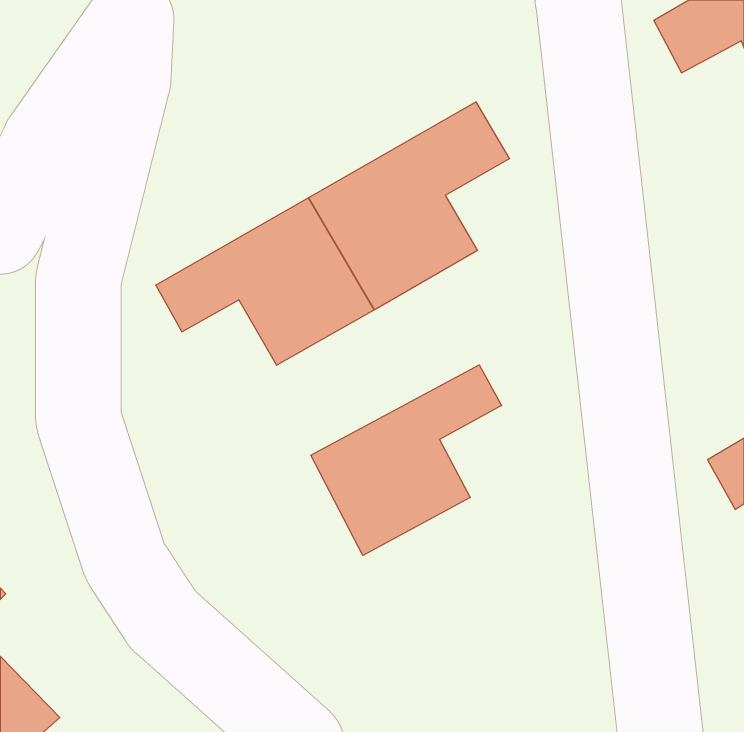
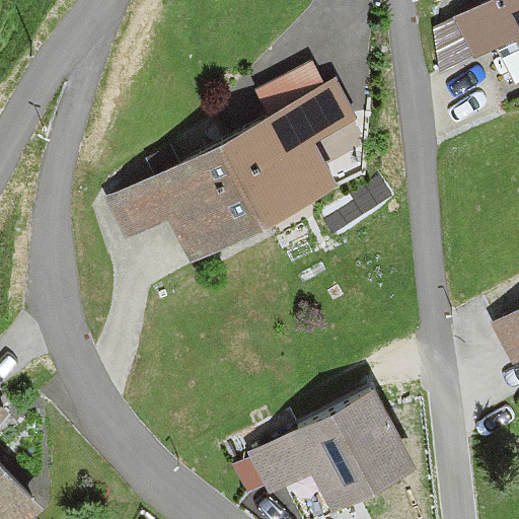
building: [311,365,502,555] -> none
building: none -> [248,390,413,505]

